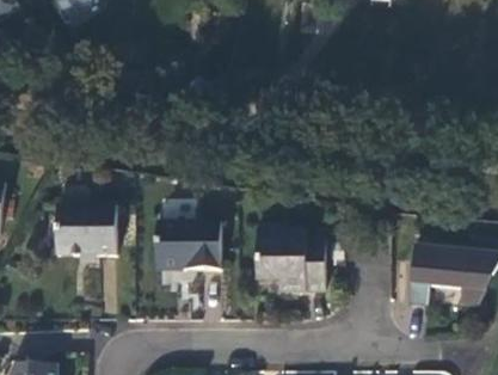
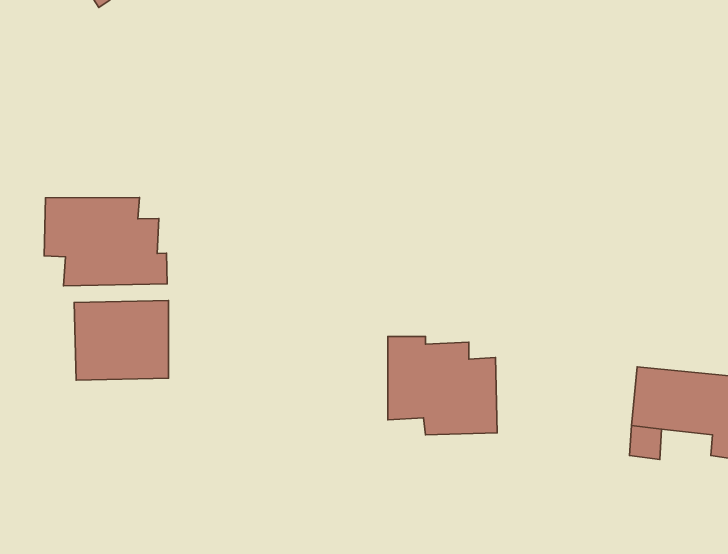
building: none -> [44,198,167,286]
building: [156,220,220,268] -> none

